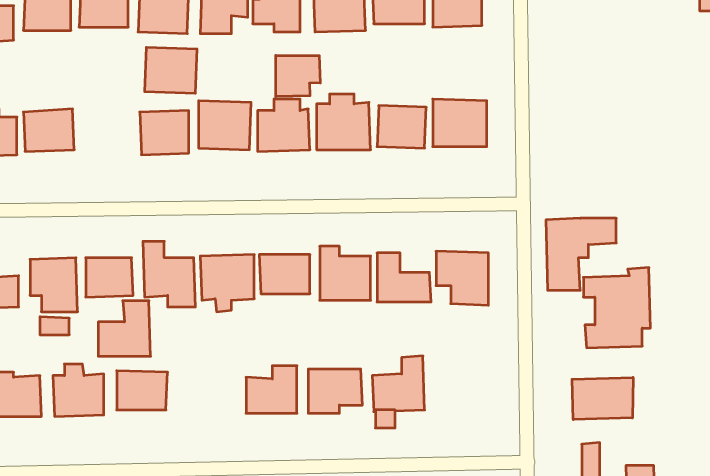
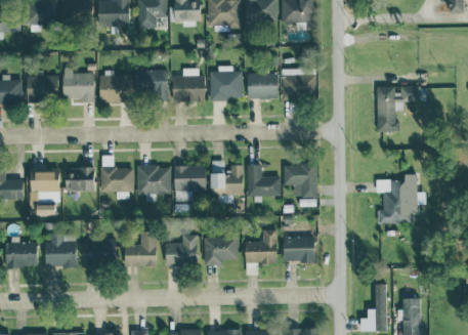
building: [145,47,197,93] -> [61,73,94,101]
building: [276,55,320,97] -> none
building: [546,218,616,290] -> [376,86,420,131]
building: [98,301,151,356] -> [124,232,157,266]
building: none -> [283,237,314,262]
building: [572,377,633,420] -> none

